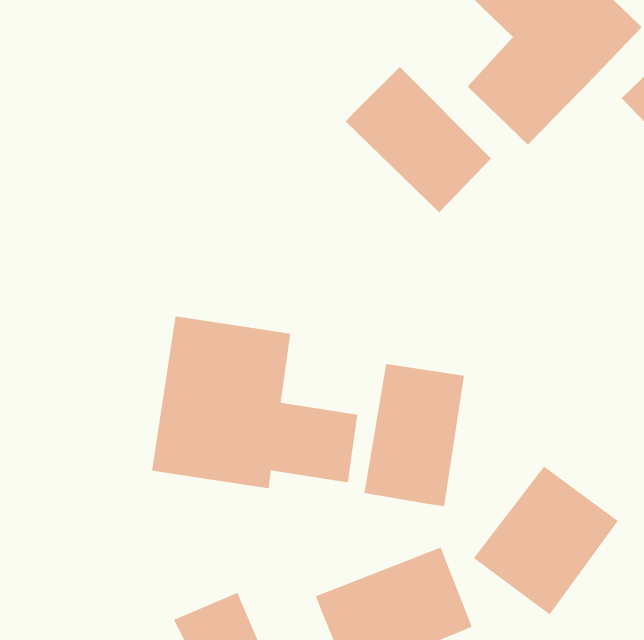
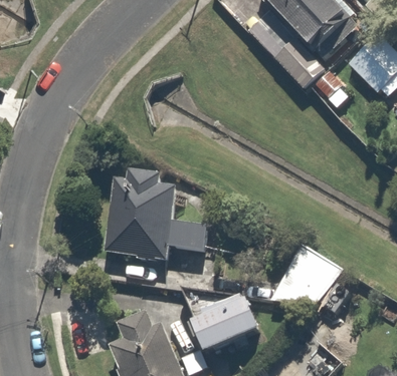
building: [345,66,492,213] -> none
building: [363,363,465,507] -> none

